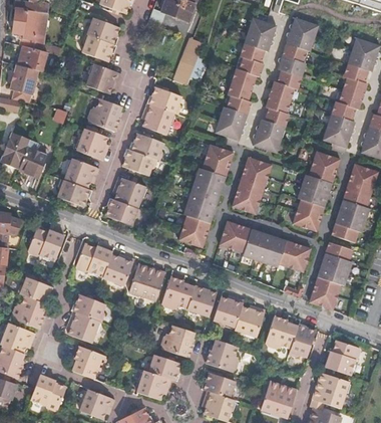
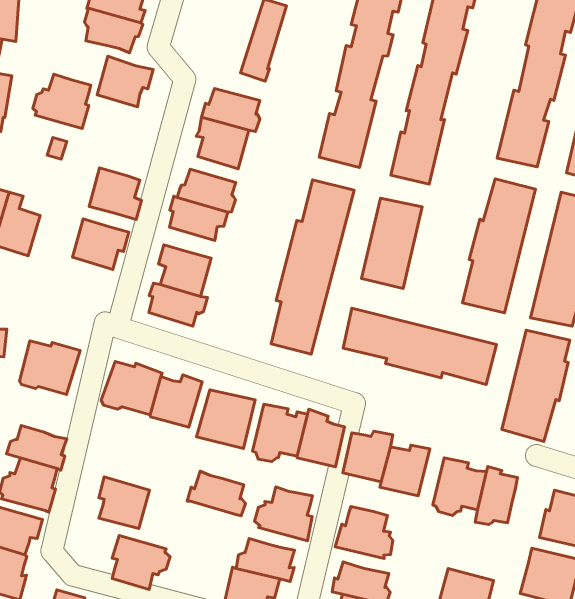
building: [87,97,122,131] -> [33,74,91,128]
building: [58,178,92,206] -> none
building: [71,292,105,321] -> [187,471,245,516]

